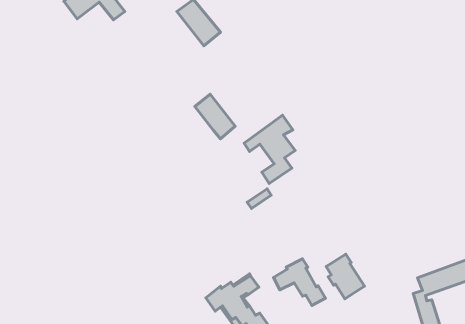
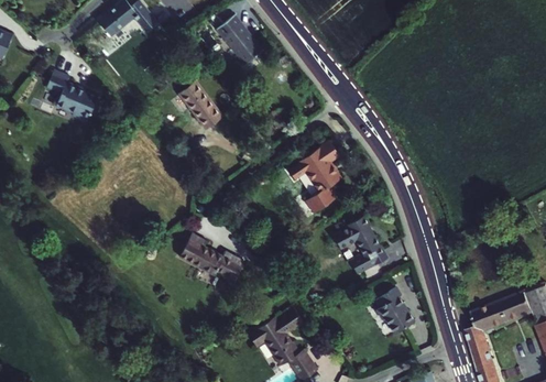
building: none -> [47,68,98,118]
building: [195,94,235,139] -> [178,80,221,128]
building: none -> [179,232,244,280]
building: [274,259,325,306] -> [334,215,389,264]

